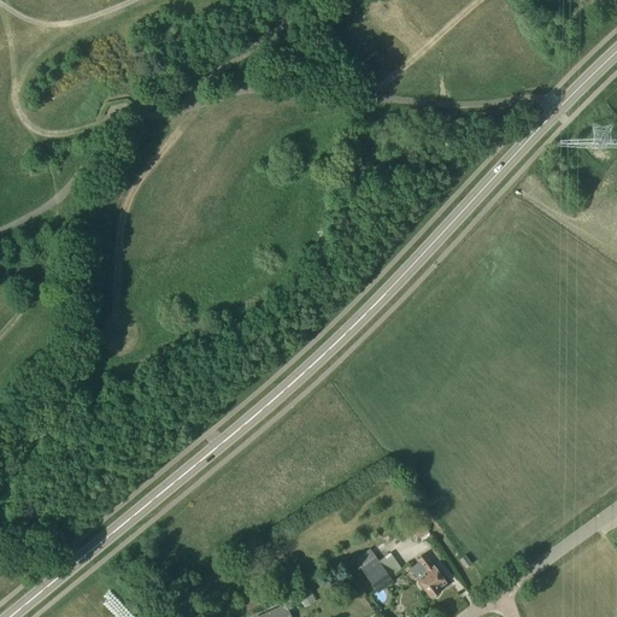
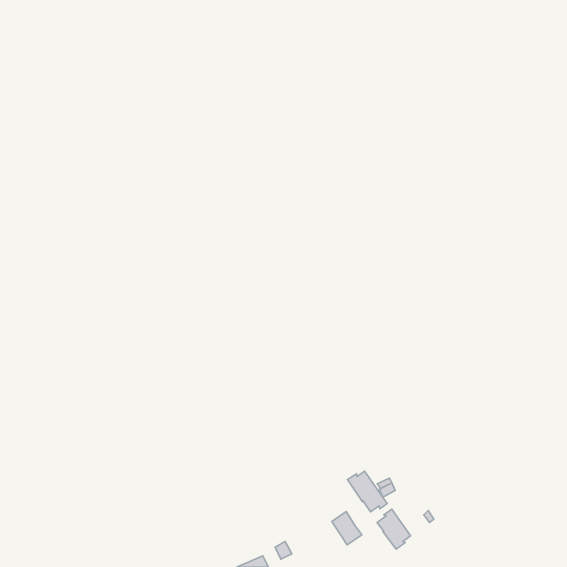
building: none -> [348,471,387,512]

